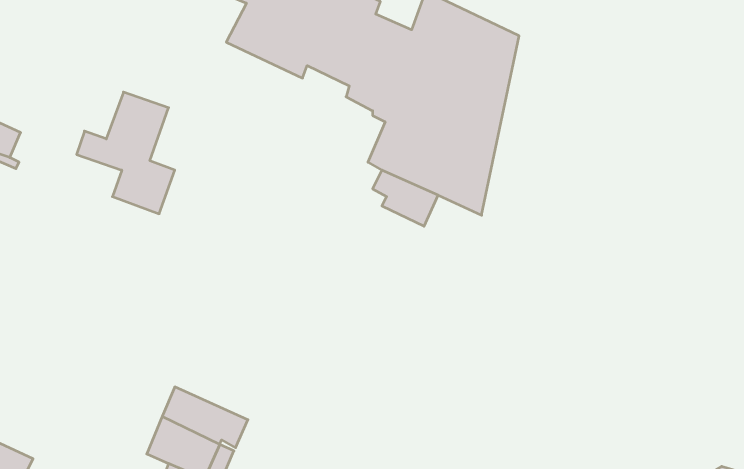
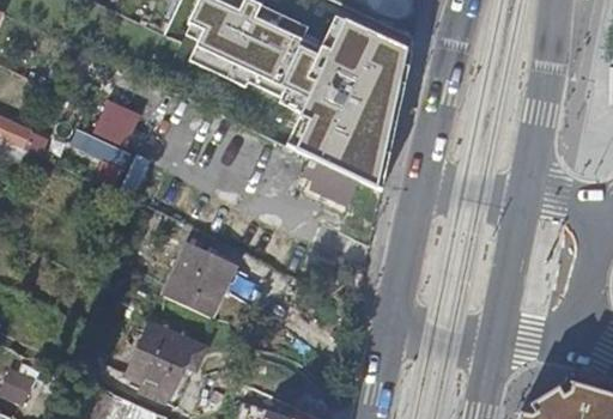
building: none -> [163,239,239,316]

